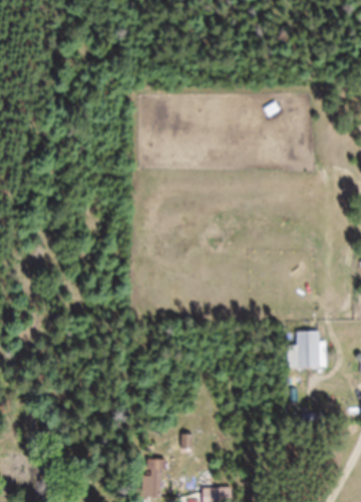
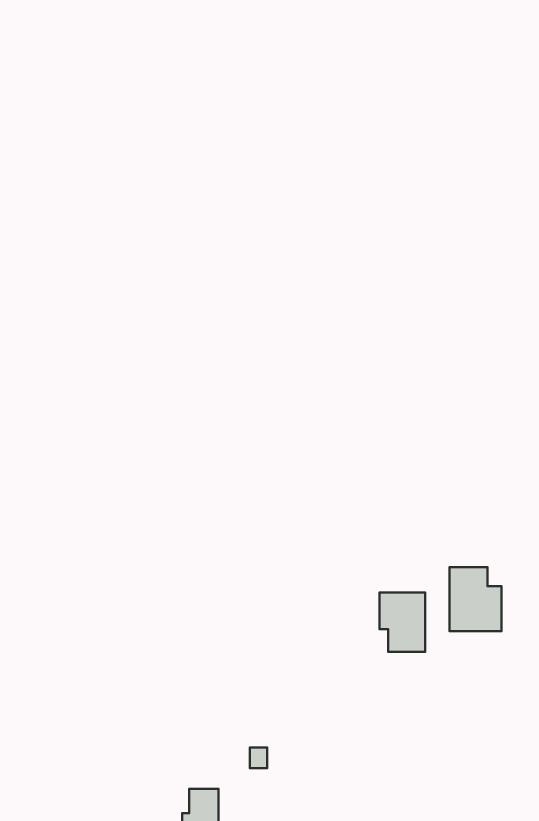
building: none -> [380,592,425,652]

